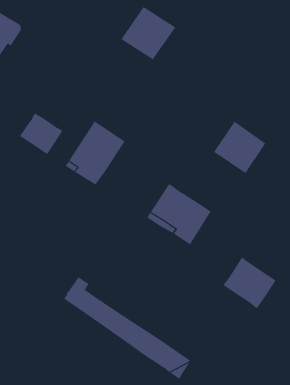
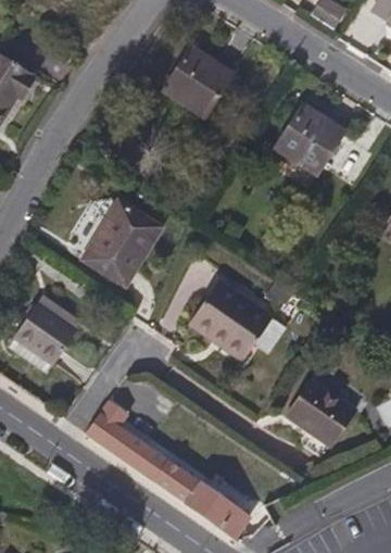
building: [20,113,63,155] -> none
building: [213,121,266,174] -> [276,113,344,181]
building: none -> [12,298,77,360]

